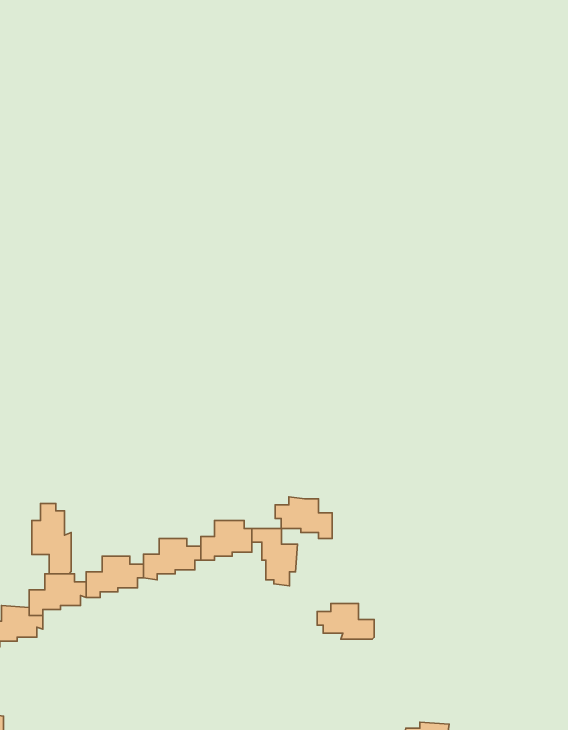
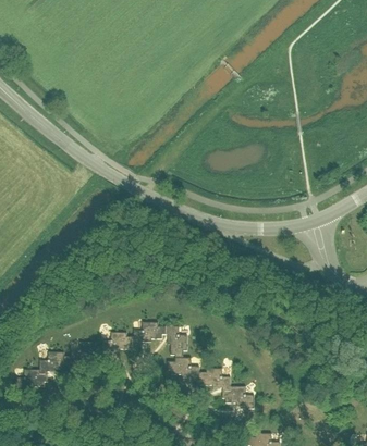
building: [275,497,332,538] -> [167,358,198,381]
building: [32,503,71,574] -> none
building: none -> [221,387,253,410]

